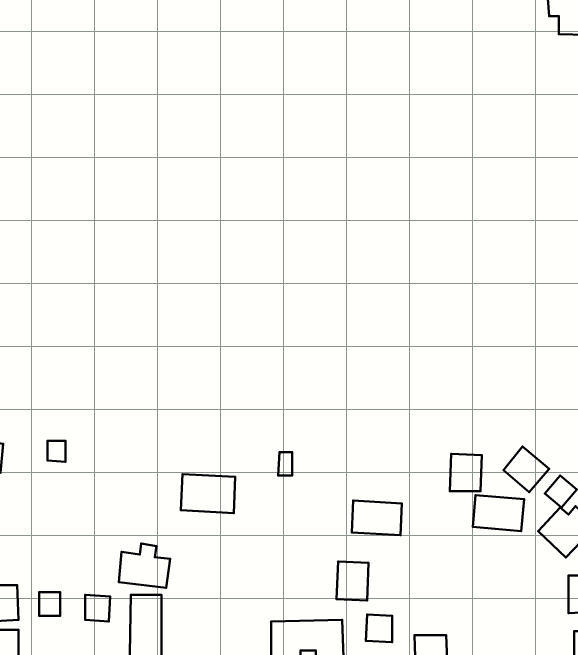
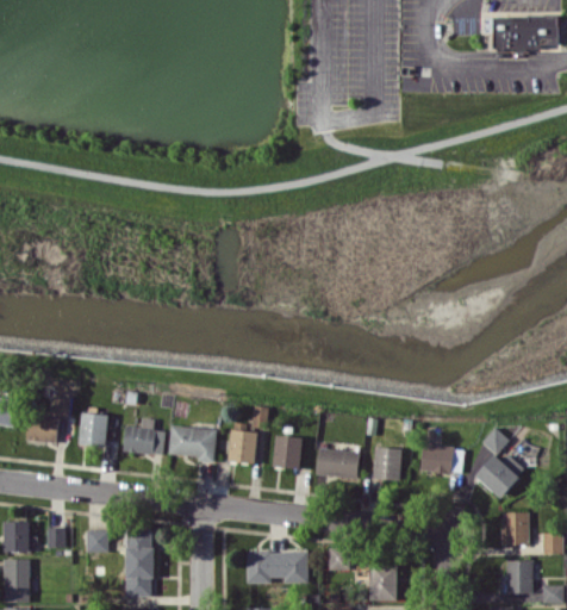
building: [503,446,549,492] -> none
building: [450,454,482,491] -> [374,448,401,480]
building: none -> [79,413,108,448]
building: none -> [26,416,58,442]
building: none -> [228,430,257,465]
building: [119,543,170,588] -> [123,418,167,456]
building: [337,562,369,600] -> [274,436,301,469]

